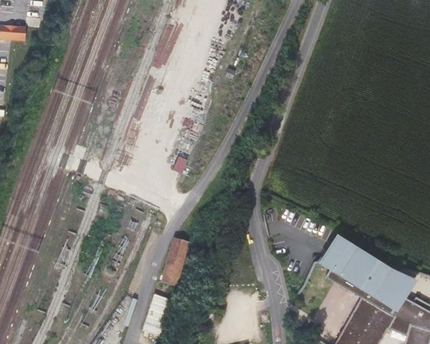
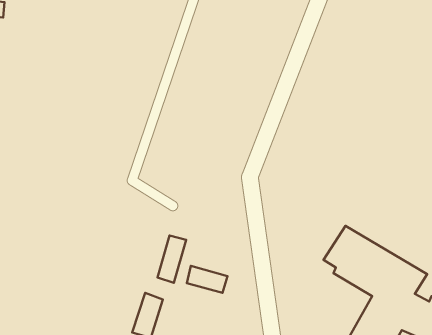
building: none -> [187,266,228,293]

